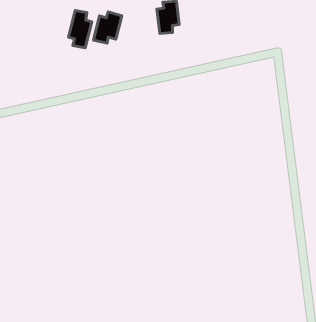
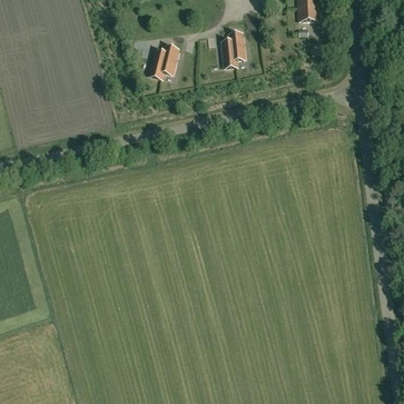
building: [68,10,92,48] -> none

